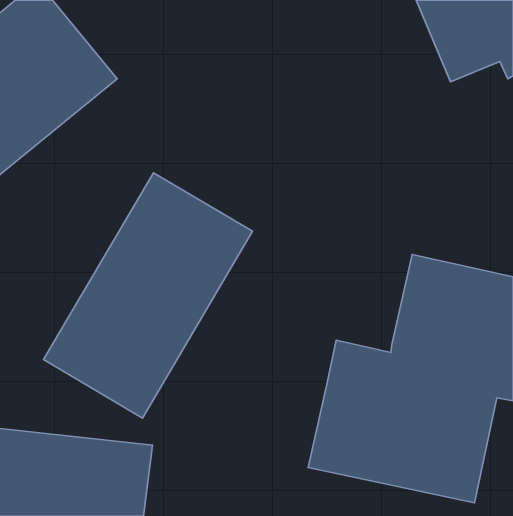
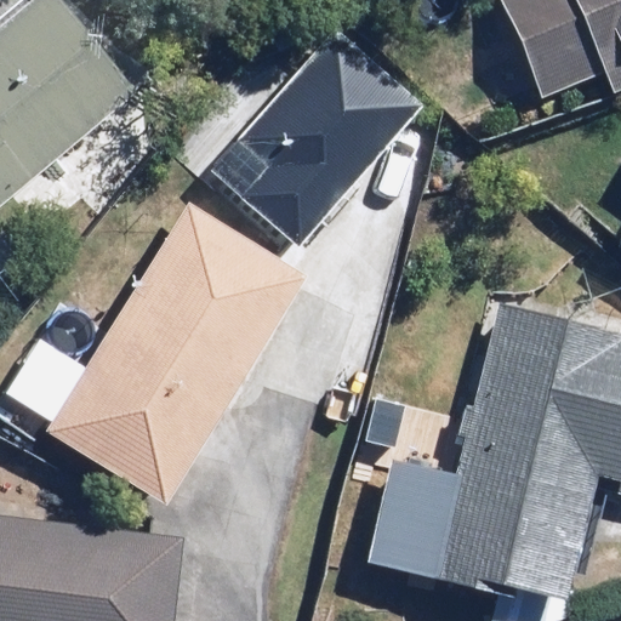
building: none -> [206,10,428,238]

